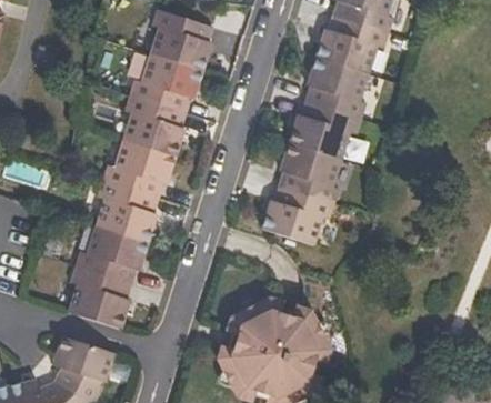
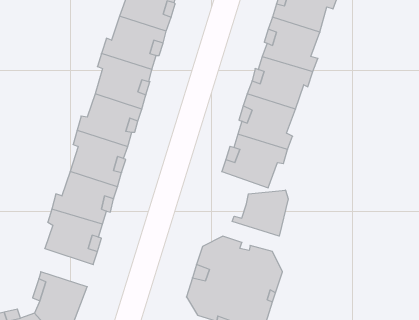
building: none -> [232,190,288,236]

